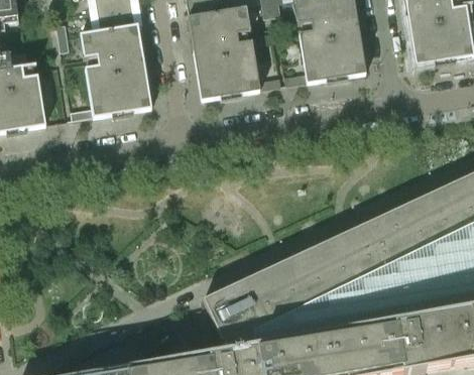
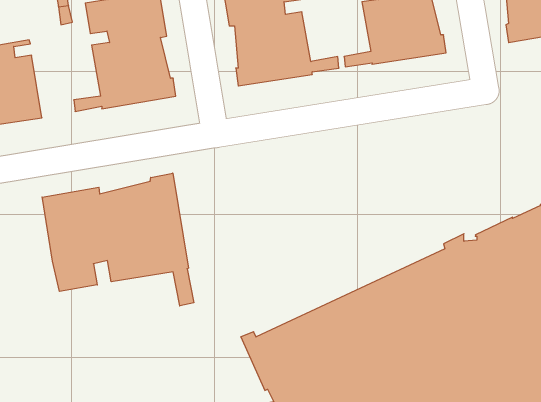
building: none -> [42,173,194,306]

